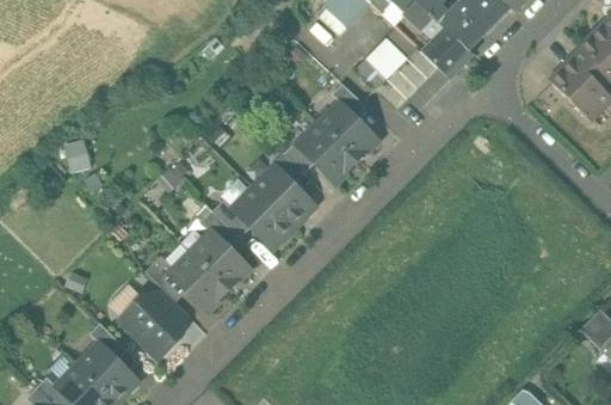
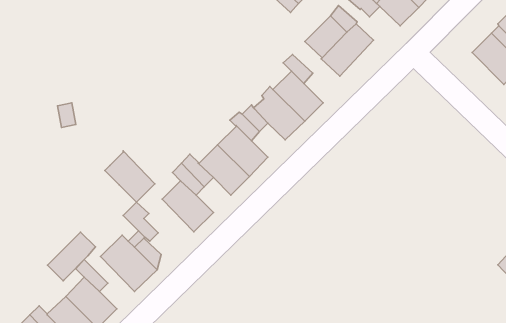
building: [421,27,473,79] -> none
building: [169,252,228,312] -> [105,151,155,202]
building: none -> [47,232,95,281]

